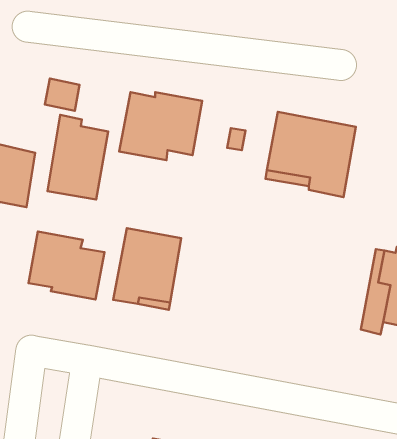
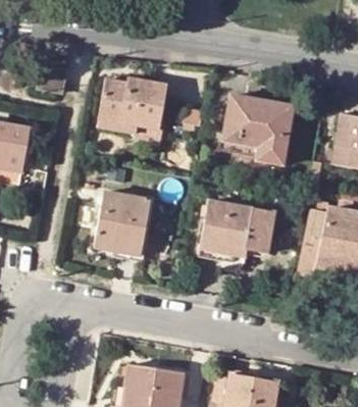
building: [48,115,108,199] -> none
building: [29,232,104,299] -> none
building: none -> [200,200,274,257]

